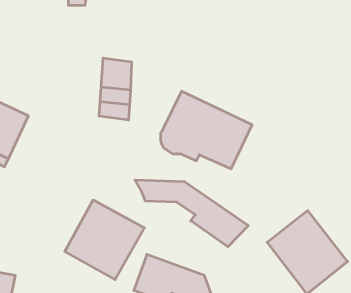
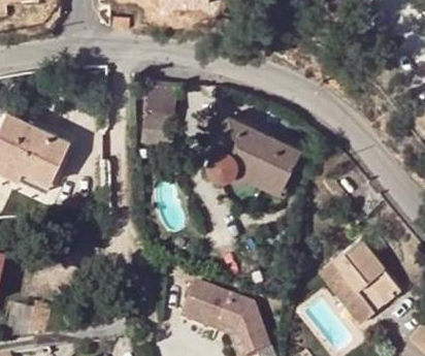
building: [135,180,248,247] -> none
building: [65,200,144,280] -> none

